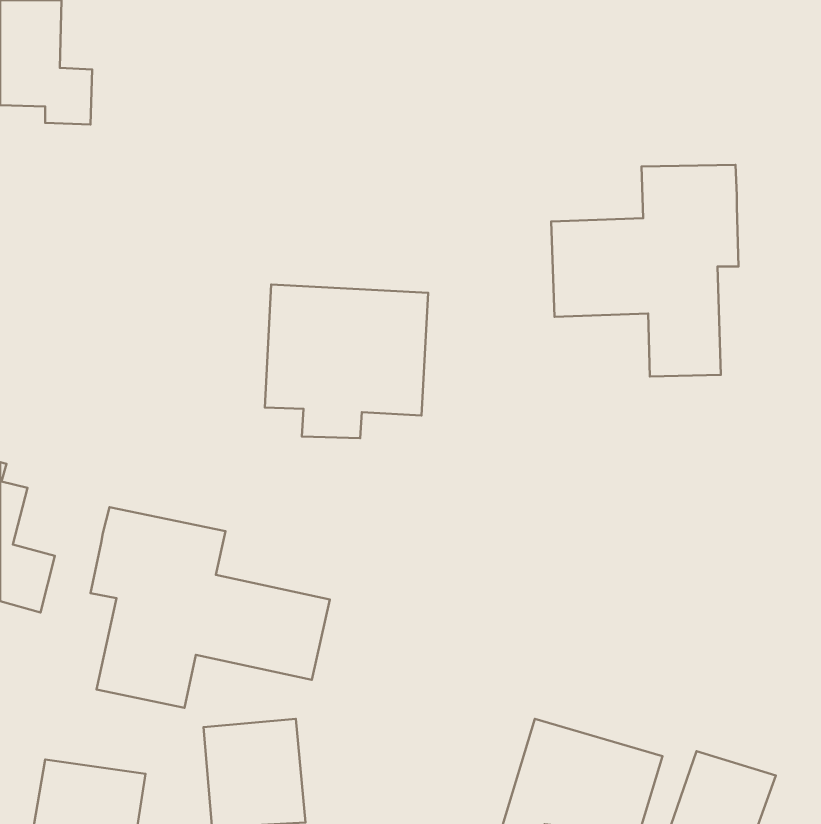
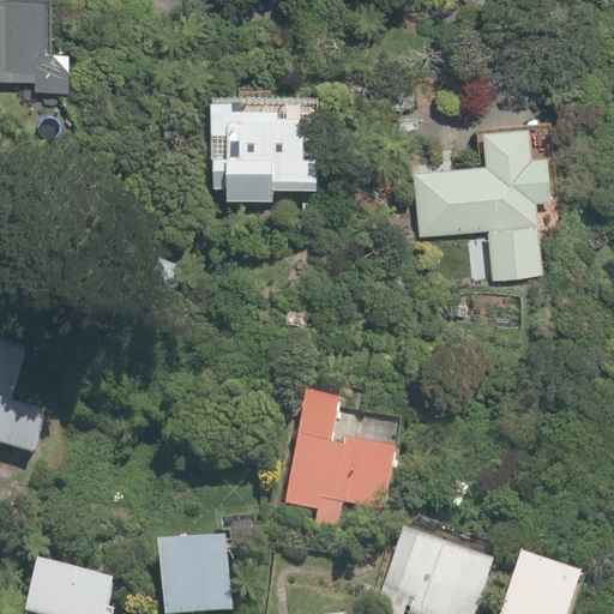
building: [265,285,428,438] -> [199,85,320,199]
building: [90,507,330,708] -> none
building: none -> [282,389,395,512]

